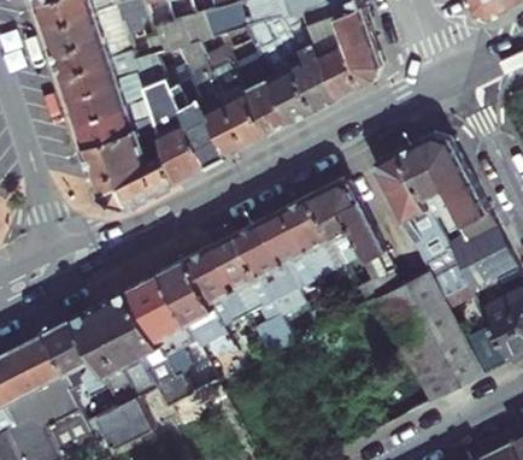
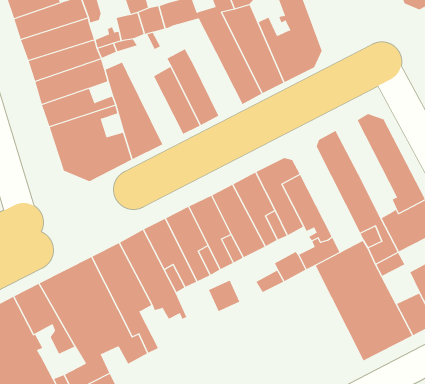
building: [241,66,294,135] -> none
building: [169,78,229,166] -> none
building: [396,140,463,241] -> none

